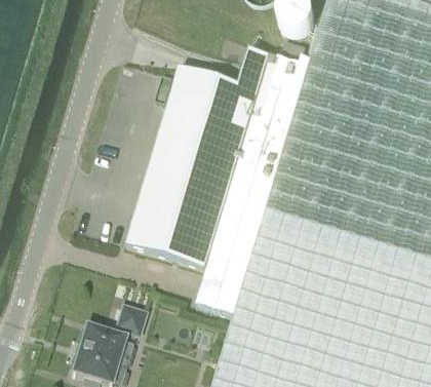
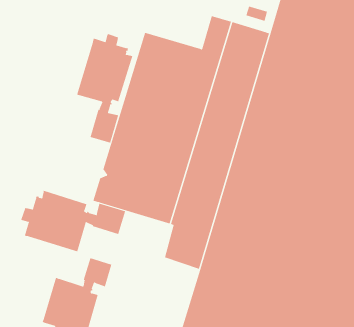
building: none -> [76,32,133,144]
building: none -> [20,190,126,252]

